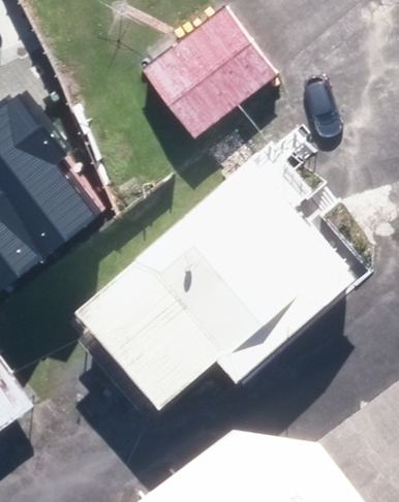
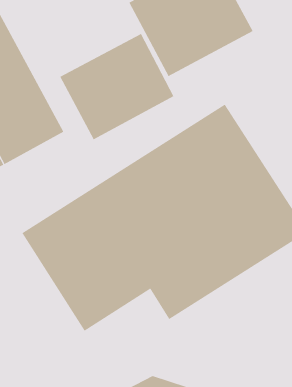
building: none -> [60,33,174,140]

